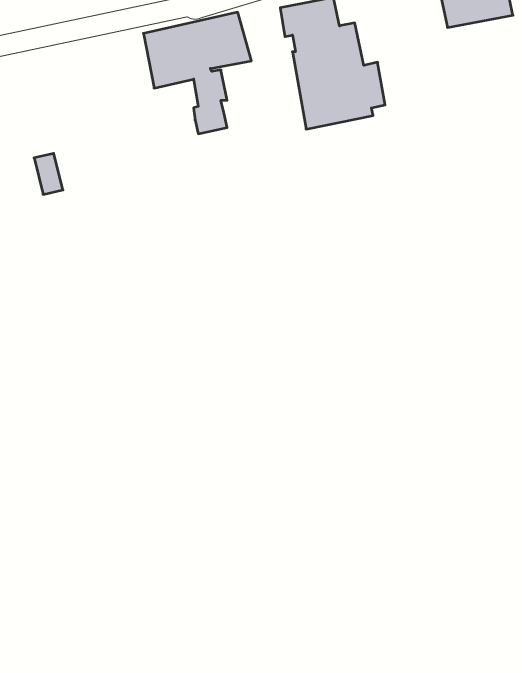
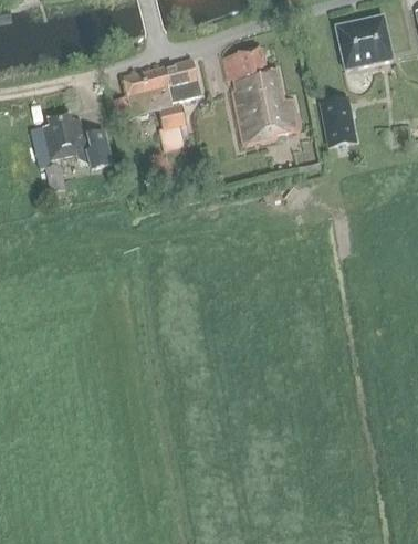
building: none -> [322,94,353,142]
building: none -> [43,113,114,168]

